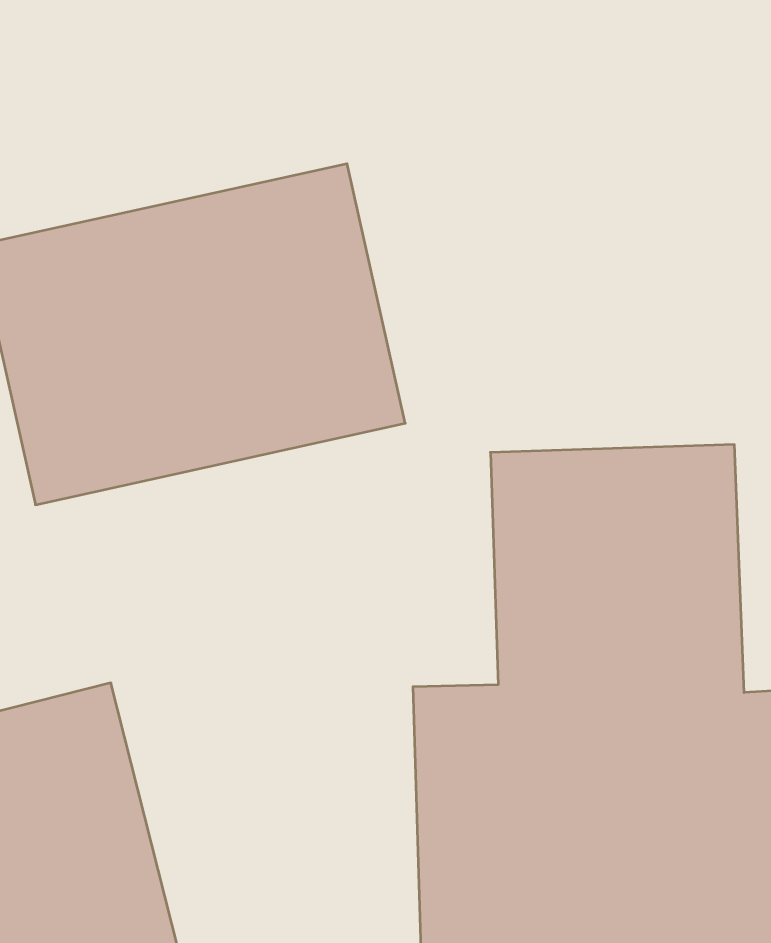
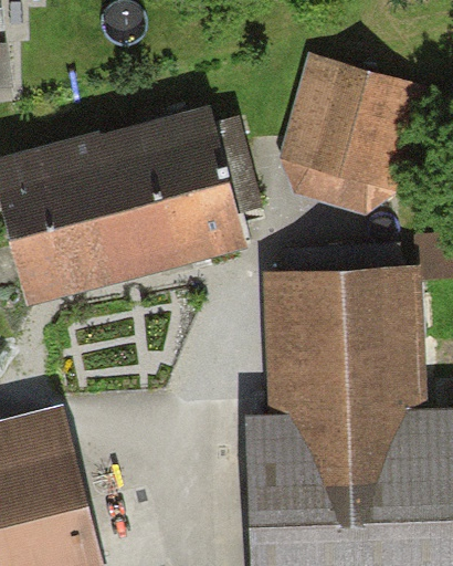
building: none -> [278,60,414,200]

